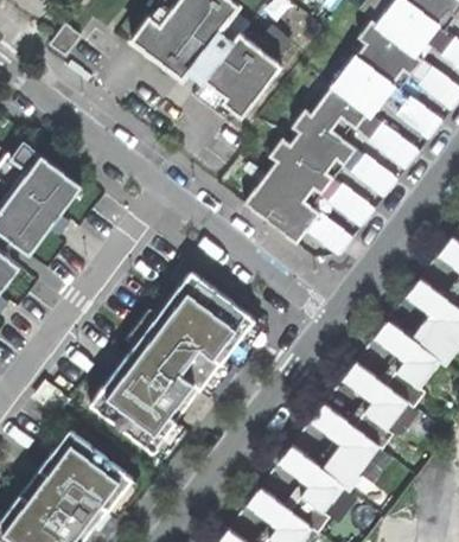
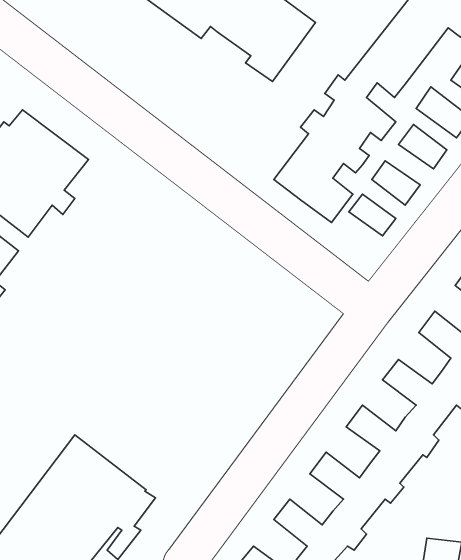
building: [89,272,263,459] -> none

